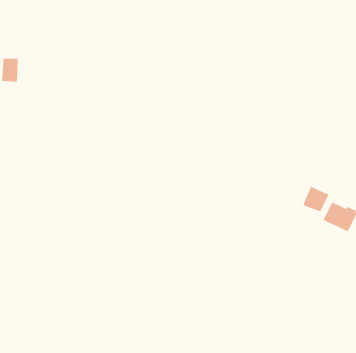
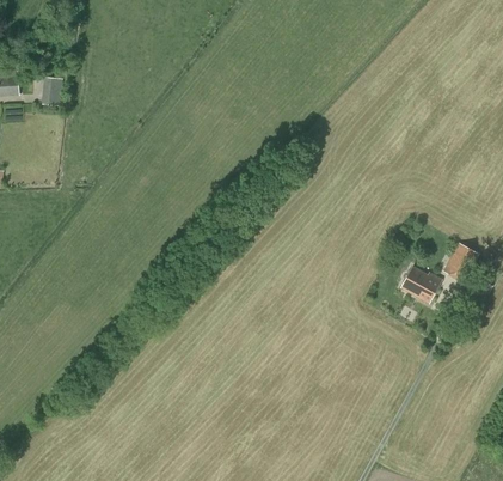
building: [302,186,329,212] -> none

